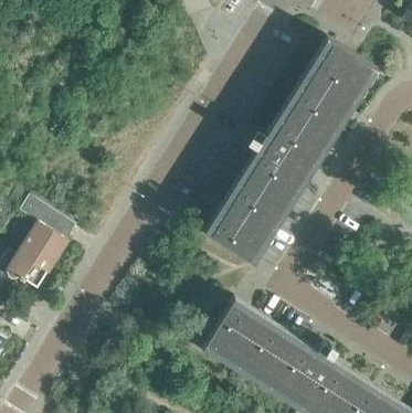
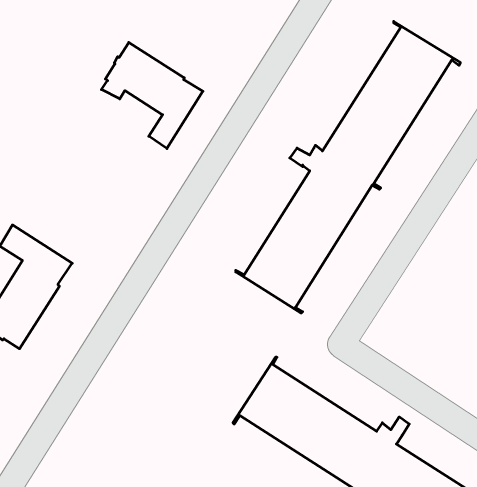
building: none -> [101,42,203,149]

